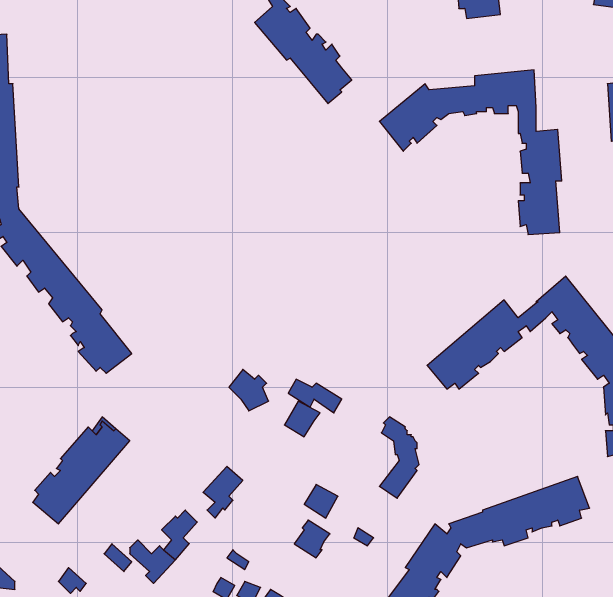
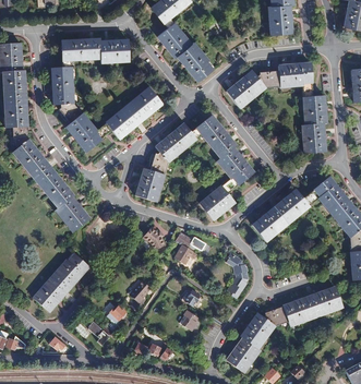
building: none -> [50,38,163,153]
building: none -> [134,115,254,220]

